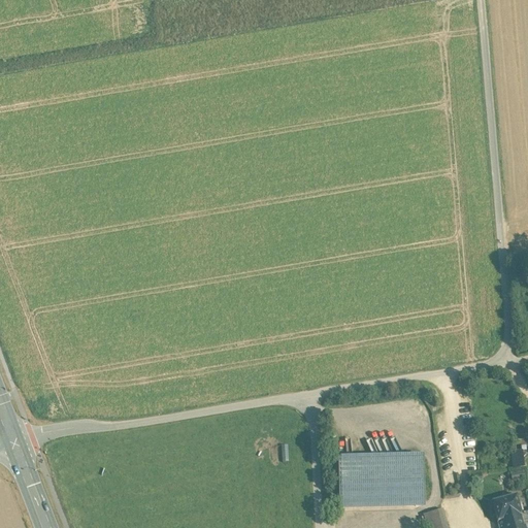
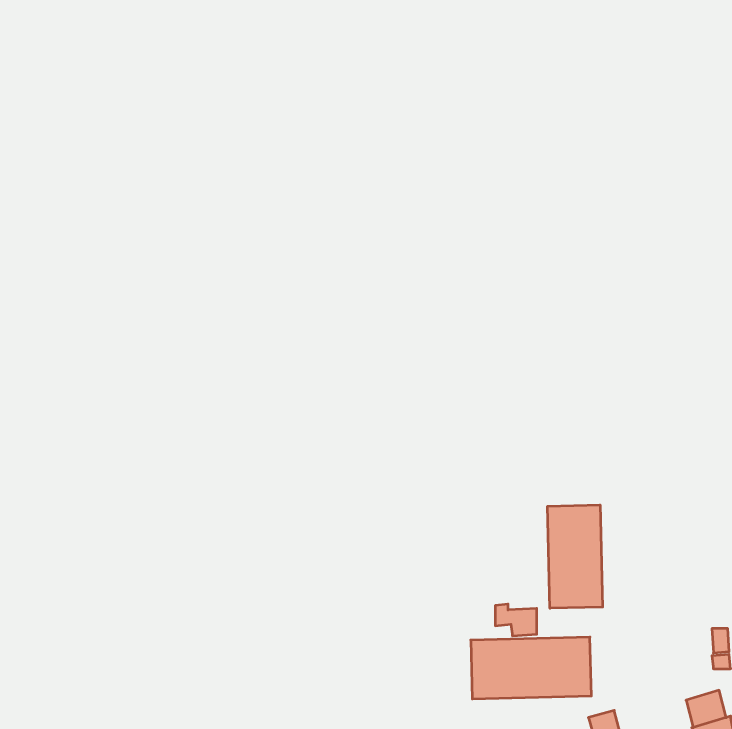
building: none -> [548,505,603,608]

